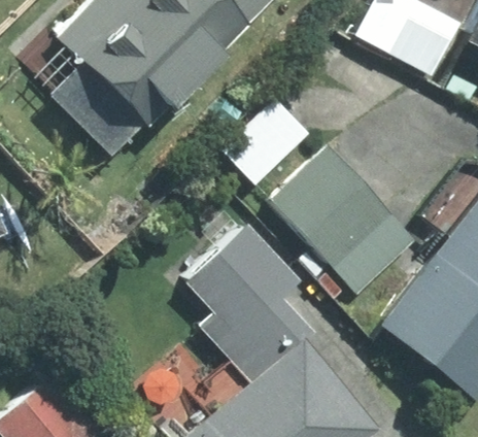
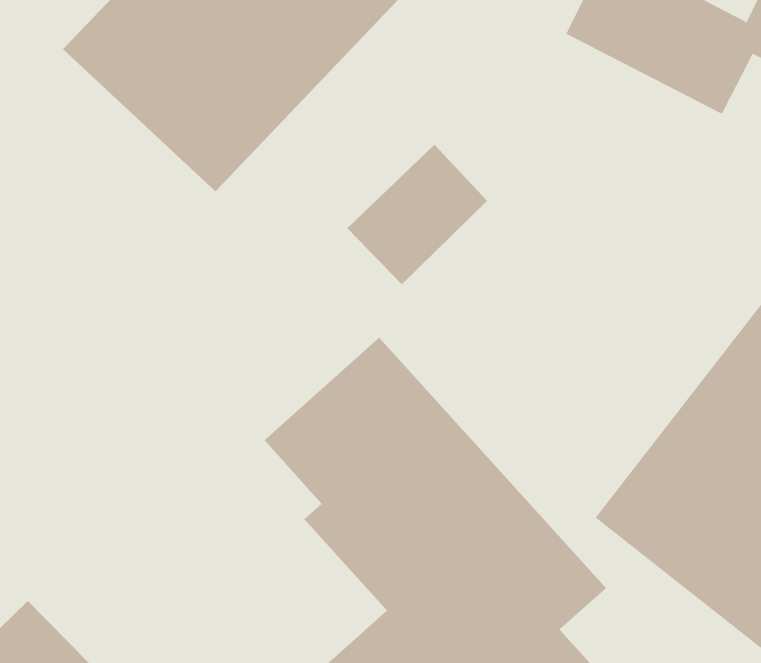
building: [270,145,418,294] -> none

